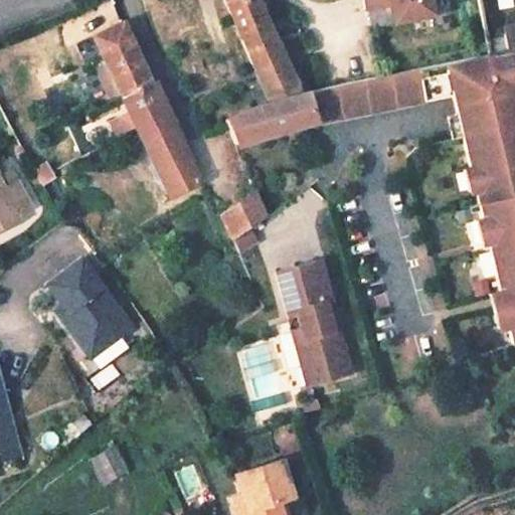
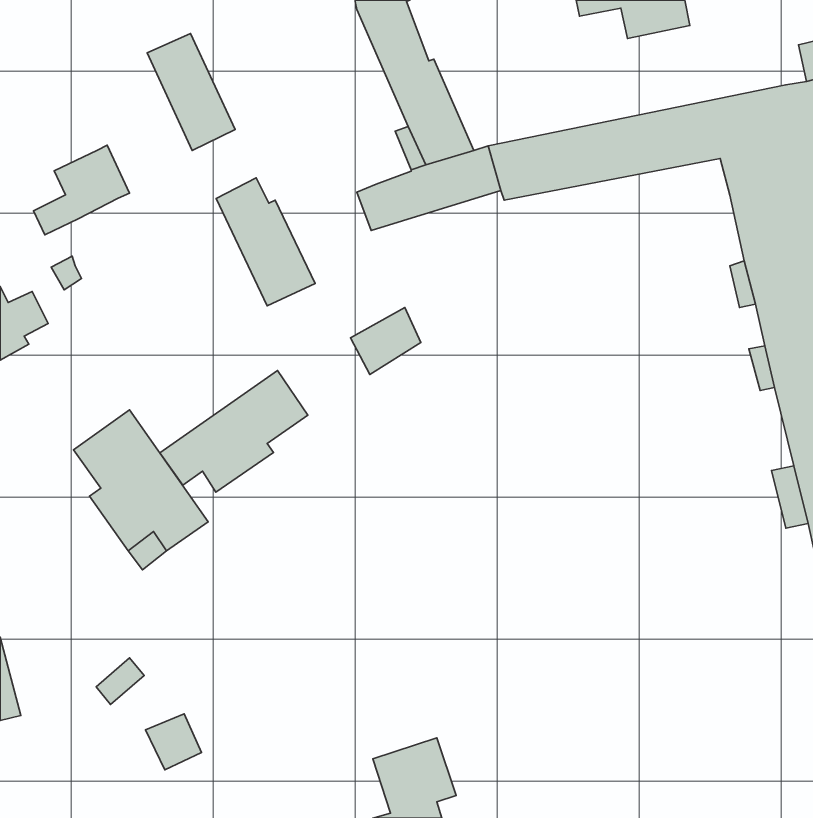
building: [111,78,171,135] -> [34,145,130,235]
building: none -> [160,370,308,492]
building: [278,263,352,389] -> none

